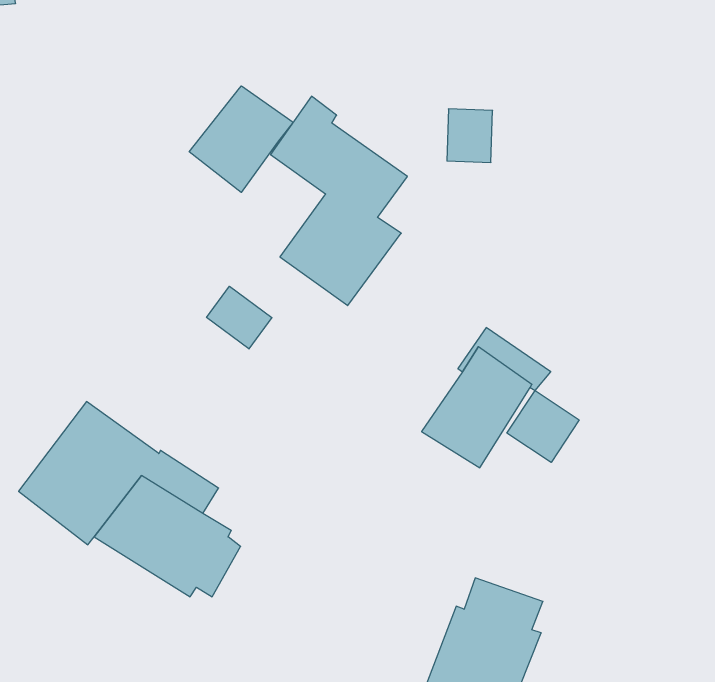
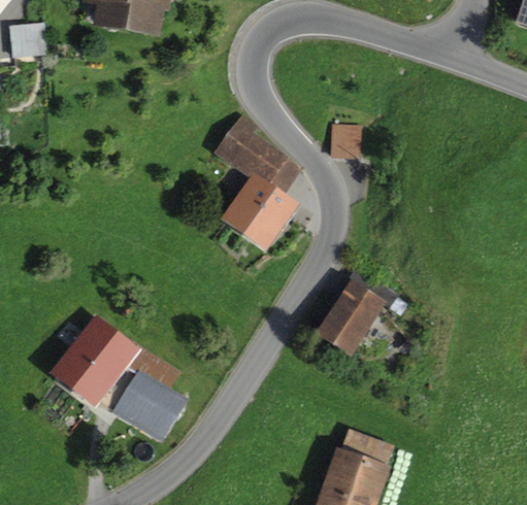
building: [189,86,293,192] -> none
building: [207,286,272,349] -> none
building: [507,391,579,462] -> none

